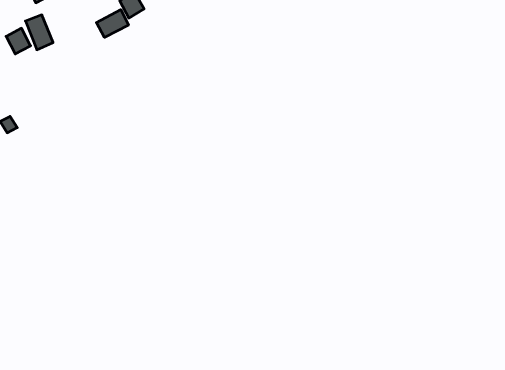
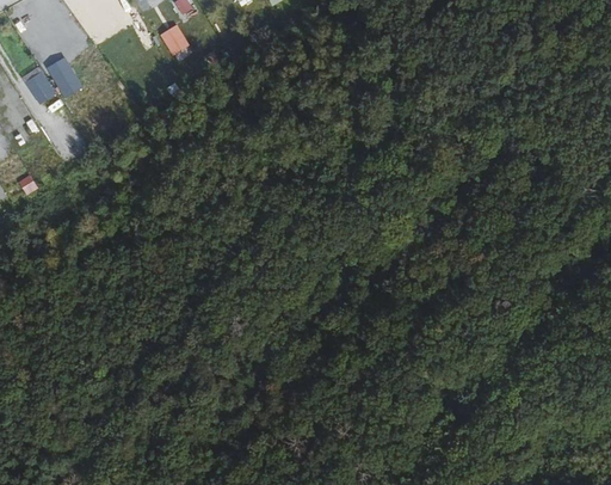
building: [96,10,128,37] -> none

